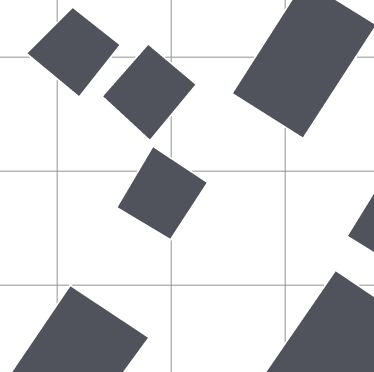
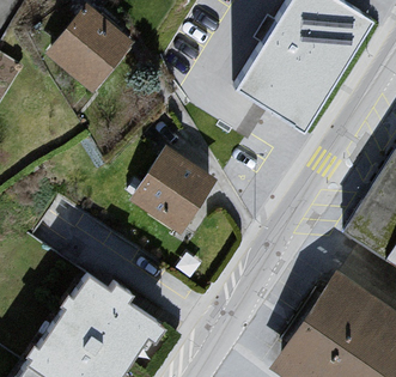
building: [102,44,197,141] -> none

